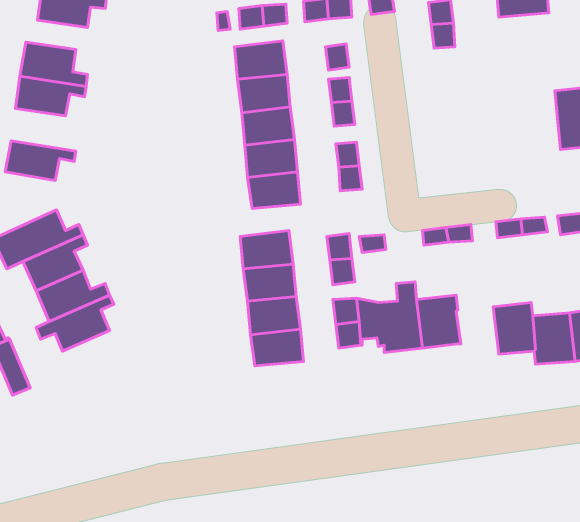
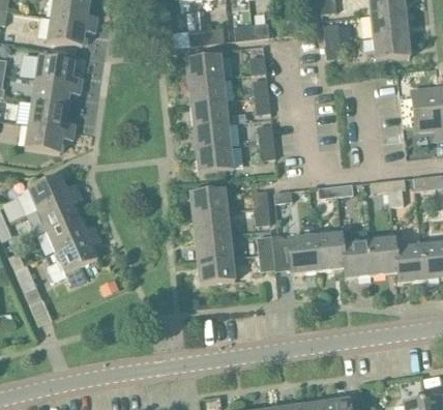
building: none -> [373,34,410,59]
building: none -> [29,101,76,131]
building: none -> [343,230,373,277]

